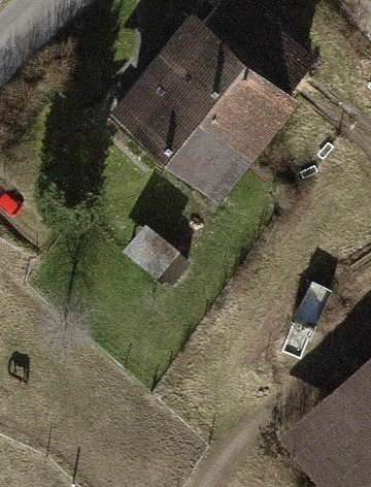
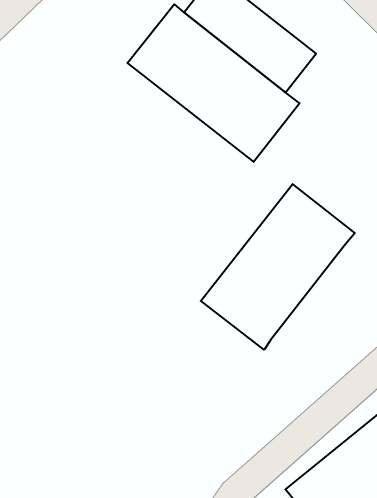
building: [109,67,258,202] -> none
building: none -> [201,184,355,350]

